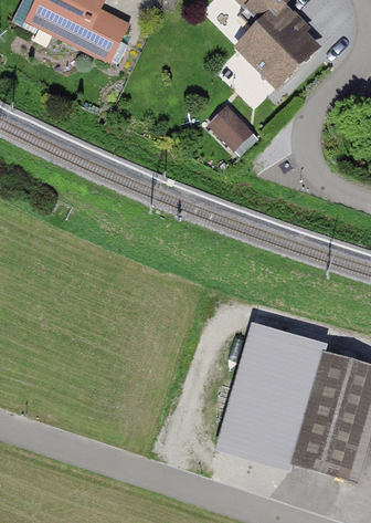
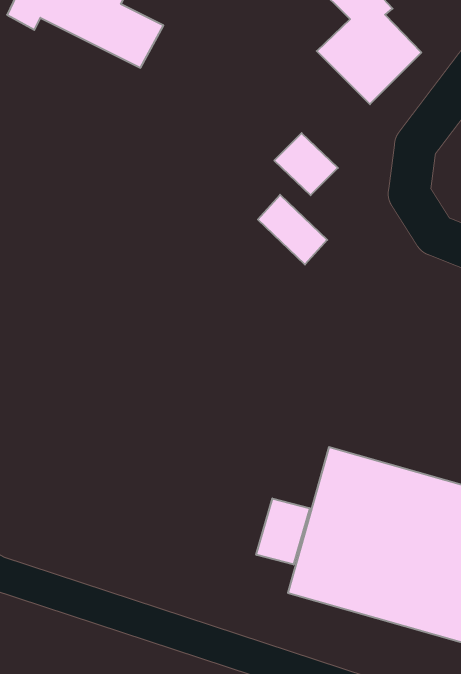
building: none -> [258,195,327,265]
building: none -> [256,498,310,565]

